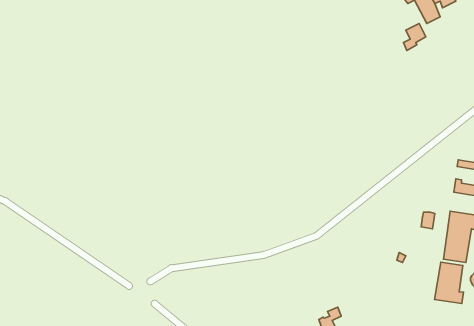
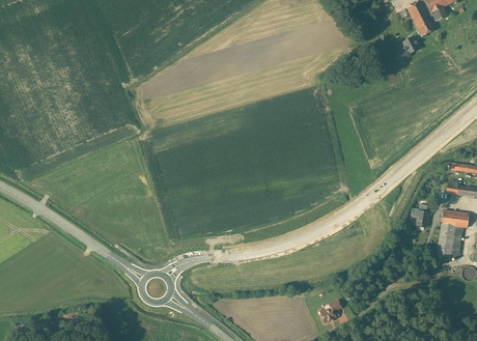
building: [434,262,464,304] -> none

